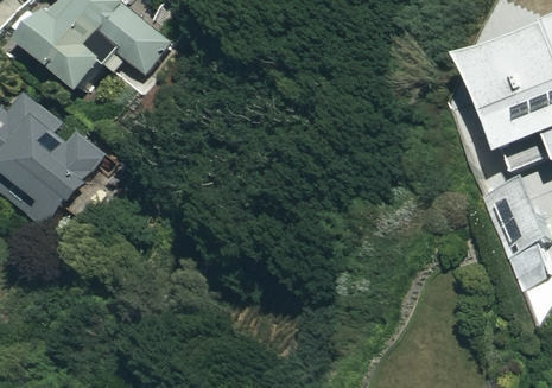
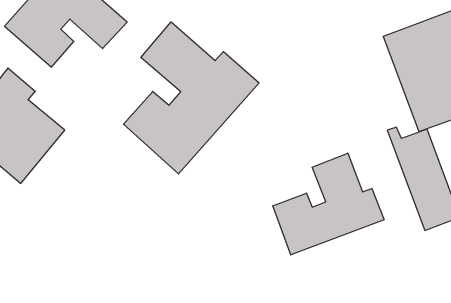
building: none -> [123,22,259,174]
building: none -> [273,153,384,255]

